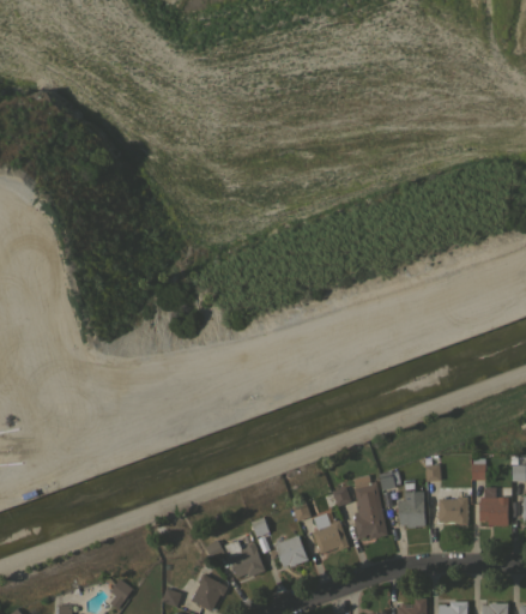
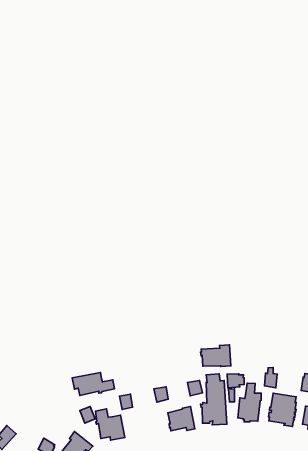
building: none -> [200,345,231,367]
building: none -> [72,372,115,395]
building: [274,536,308,568] -> none

